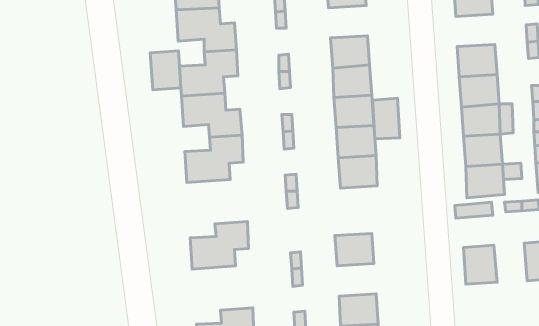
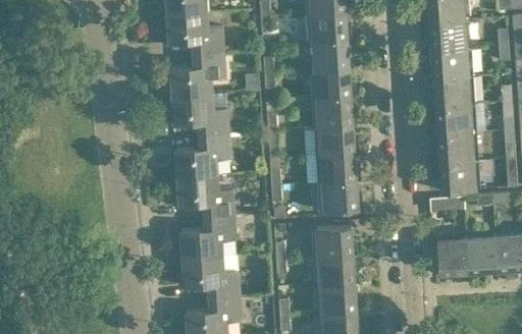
building: none -> [305,10,348,41]
building: none -> [431,18,468,49]
building: [150,51,181,90] -> none
building: [373,98,400,139] -> none
building: none -> [177,174,234,216]
building: none -> [322,180,359,211]
building: none -> [467,234,499,271]
building: none -> [319,254,356,284]
building: none -> [182,255,240,297]

